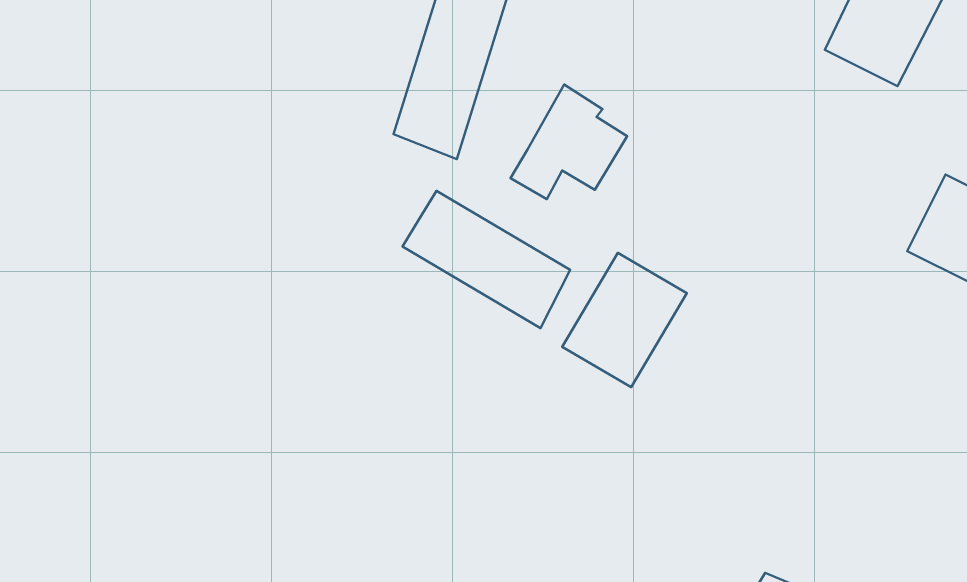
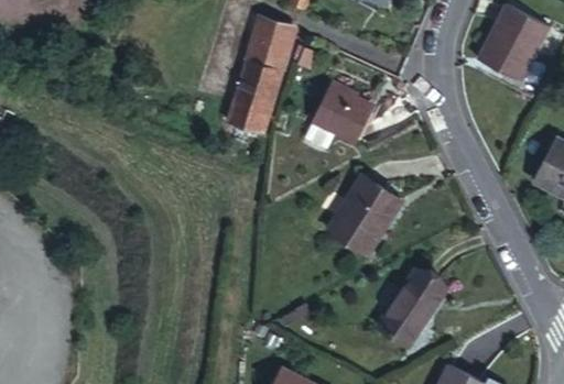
building: [402,191,570,328] -> none
building: none -> [379,272,448,351]

